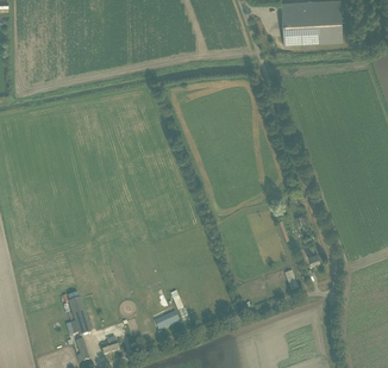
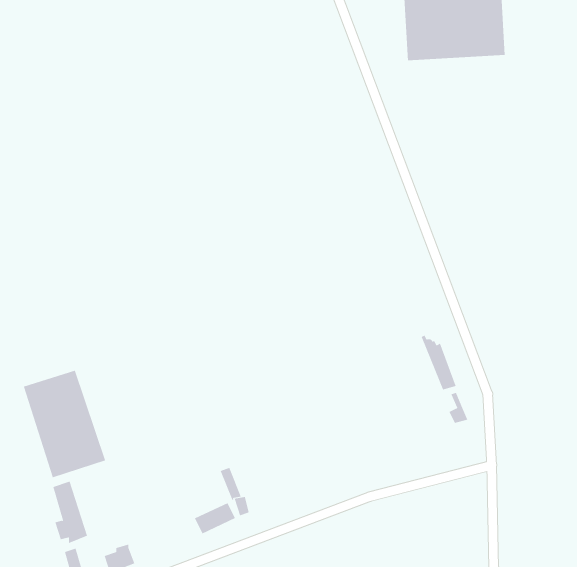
building: none -> [23,370,106,478]

